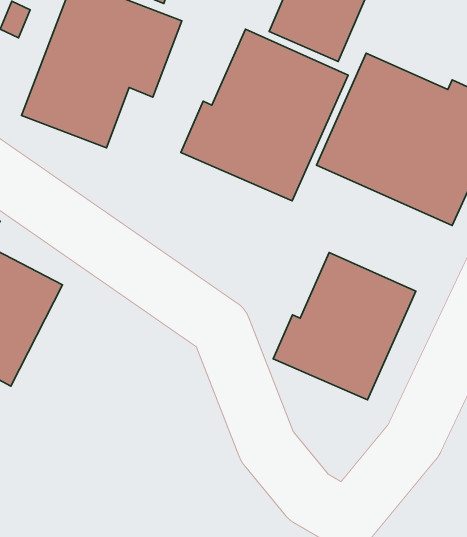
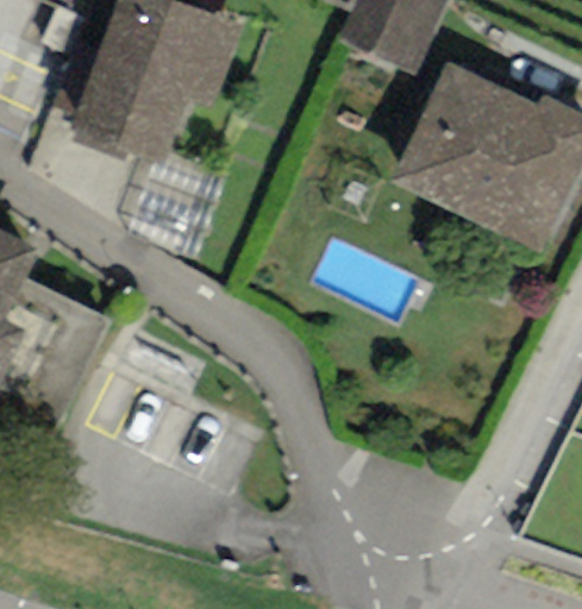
building: [181,29,348,201] -> none
building: [273,252,416,400] -> none

